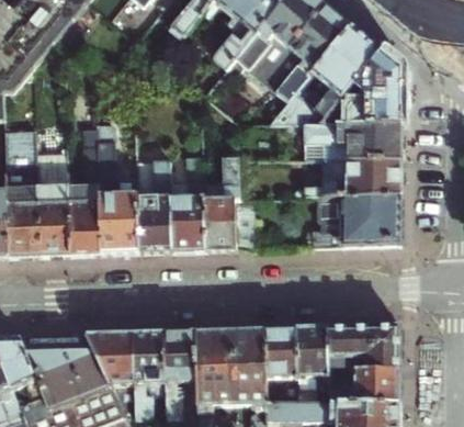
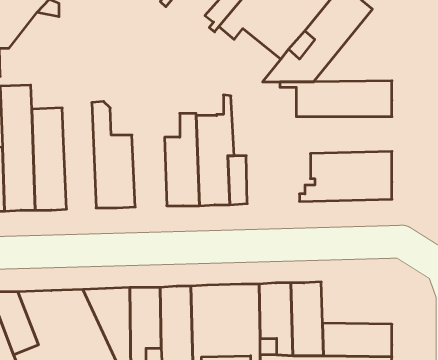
building: [321,50,400,124] -> none
building: [69,128,102,252] -> none
building: [138,142,173,250] -> none
building: [282,159,400,198] -> none
building: [329,324,400,369] -> none

